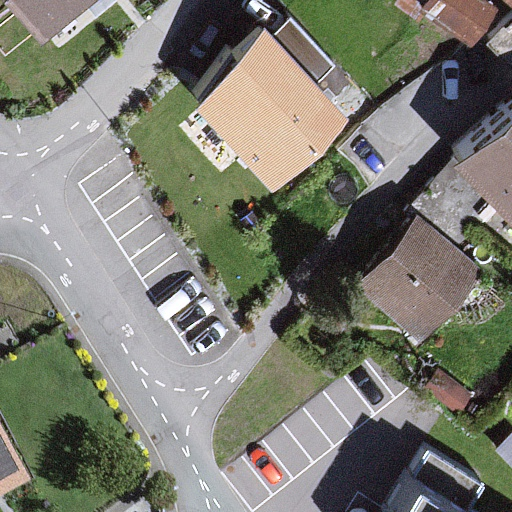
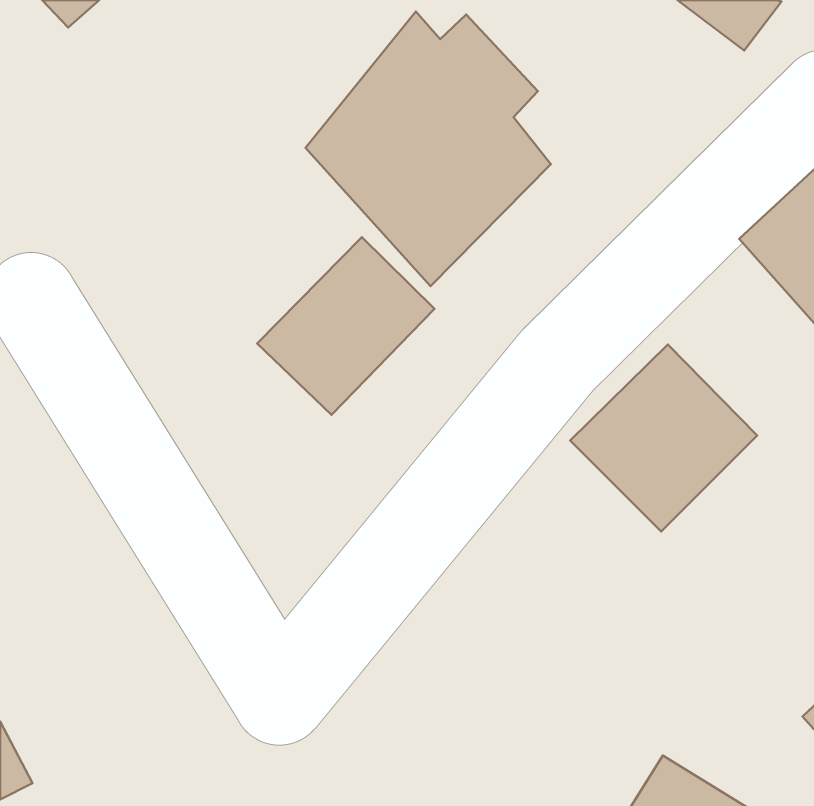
building: none -> [257,237,435,415]

